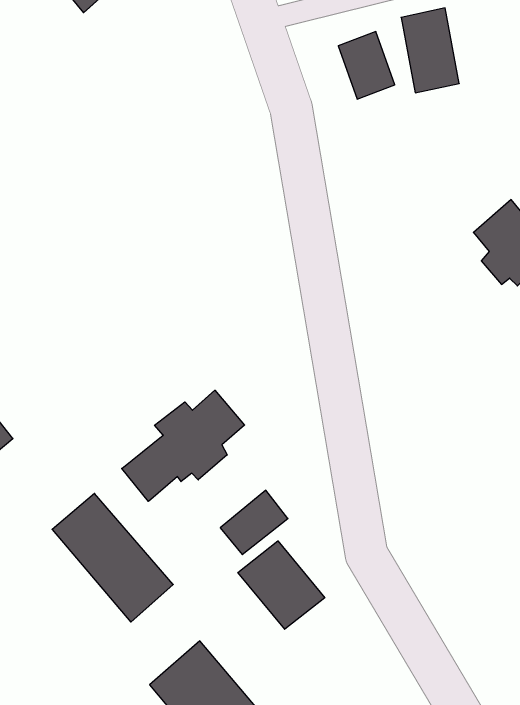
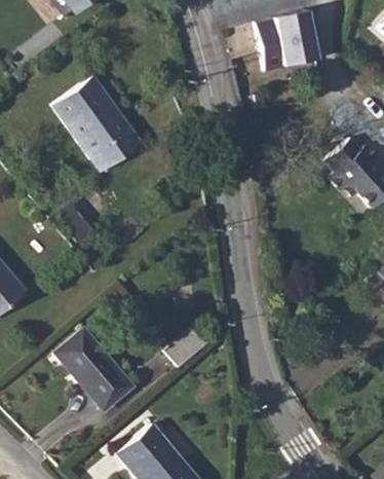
building: none -> [51,77,140,173]
building: [122,390,245,501] -> none
building: [238,541,325,629] -> none

